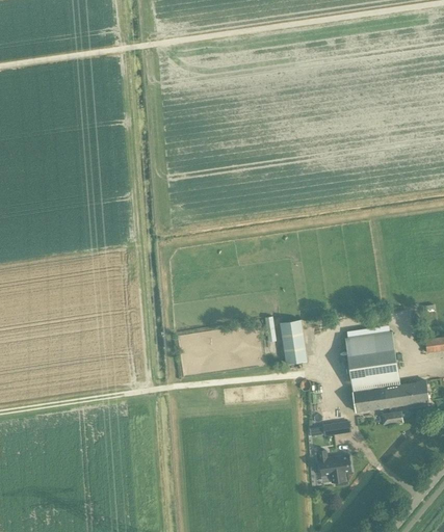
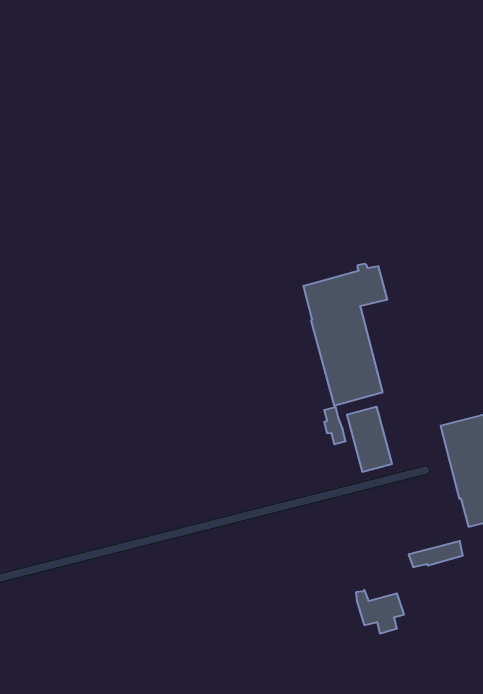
building: none -> [303,264,387,406]
building: [318,450,350,482] -> [356,590,404,634]

